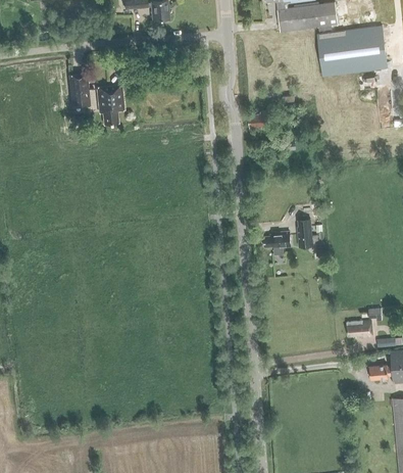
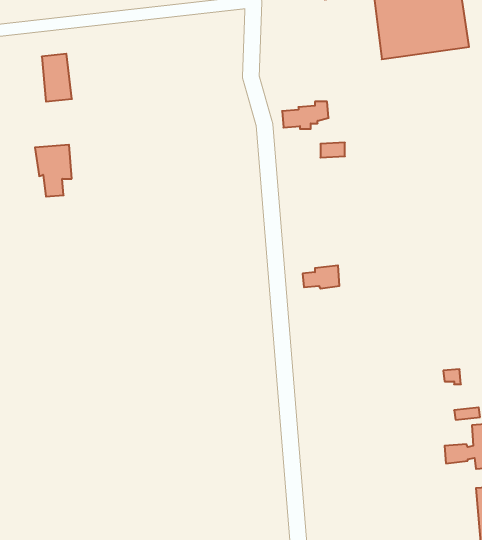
building: [96,85,123,124] -> [35,145,72,197]
building: [297,219,318,247] -> none
building: [346,321,371,338] -> none

